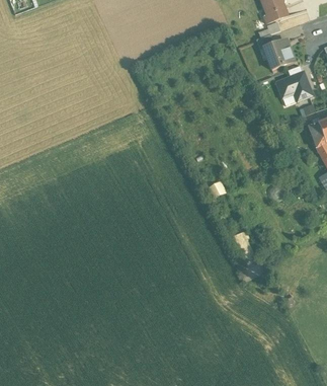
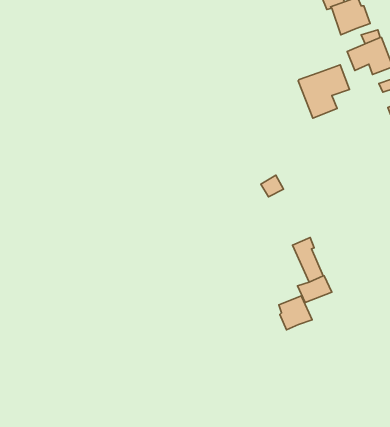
building: none -> [298,65,350,118]
building: none -> [279,295,312,330]

